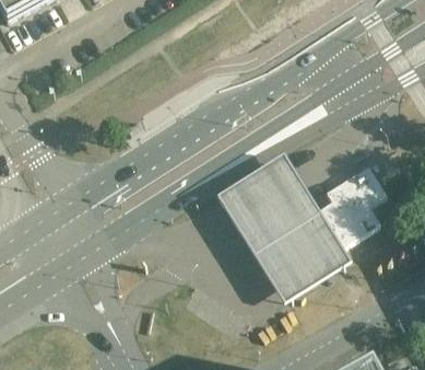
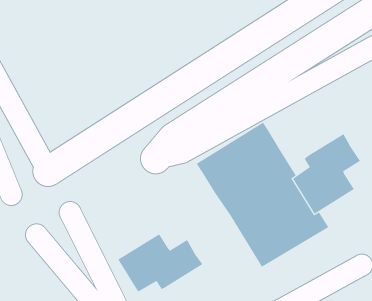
building: none -> [117,234,203,292]

